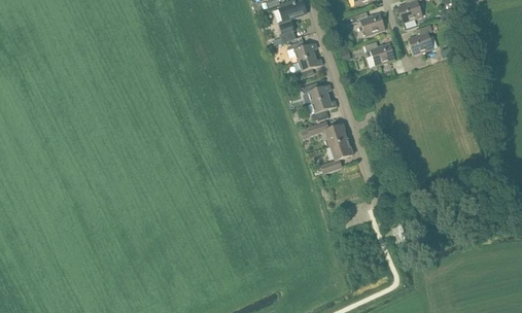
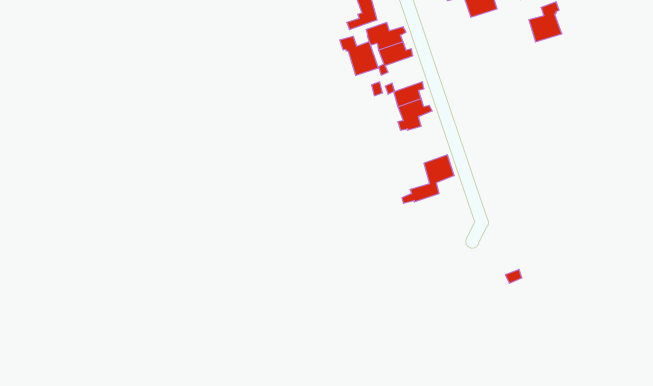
building: [364,40,395,65] -> none
building: none -> [340,36,378,76]
building: [308,119,348,144] -> none

